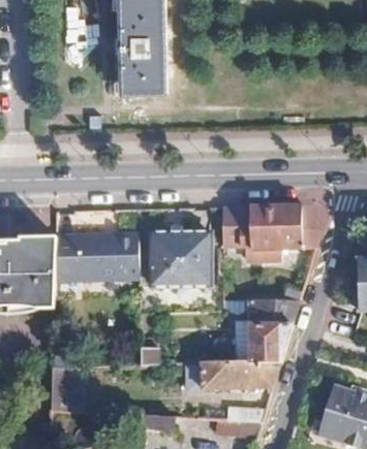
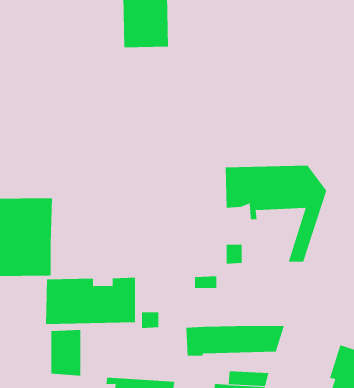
building: [52,234,141,281] -> [45,277,136,325]
building: [152,234,211,288] -> none
building: [248,299,299,361] -> none

